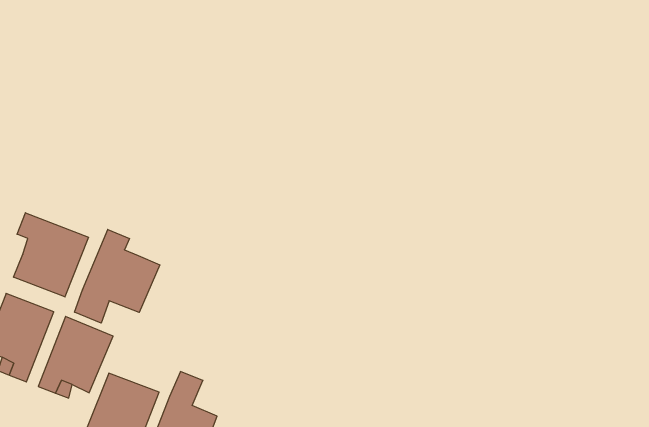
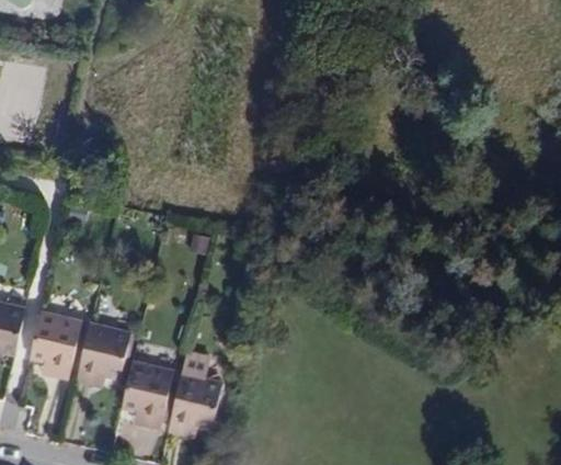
building: [14,213,88,297] -> none
building: [75,229,160,323] -> none

